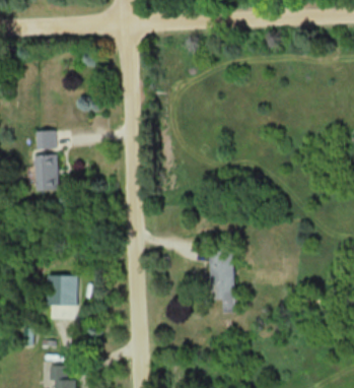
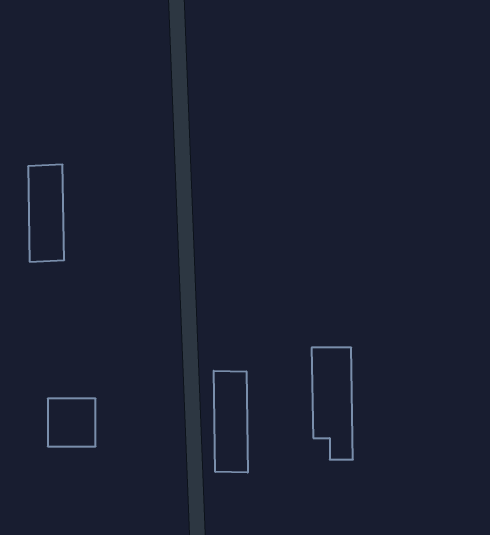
building: none -> [214,371,248,473]

